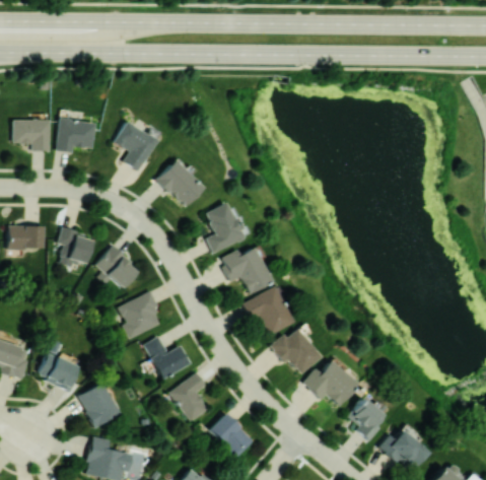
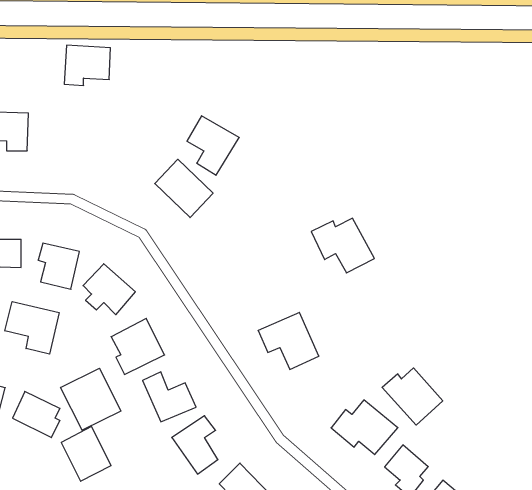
building: [57,119,95,152] -> [64,45,110,85]
building: [115,121,158,170] -> [187,116,239,175]
building: [205,202,252,252] -> none
building: [220,247,273,292] -> [311,218,374,273]
building: none -> [5,302,59,354]
building: [271,328,322,375] -> [382,368,443,425]
building: none -> [61,368,121,430]

